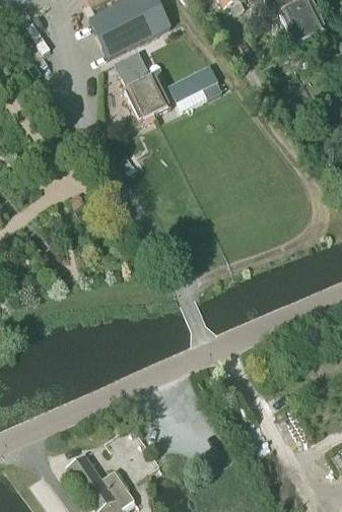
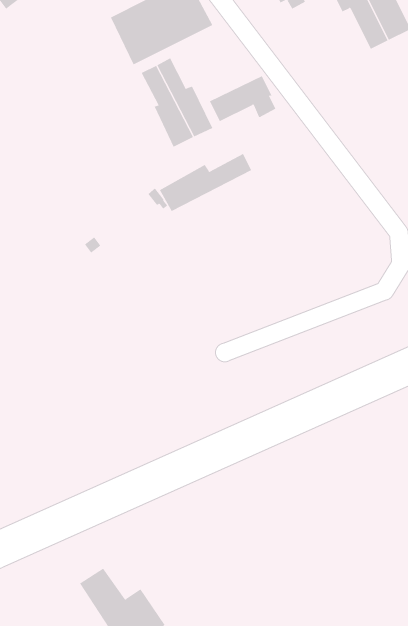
building: none -> [159,153,252,212]

